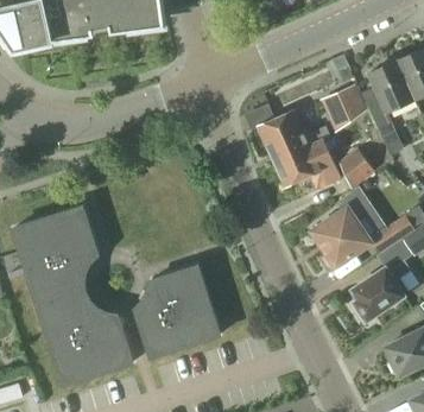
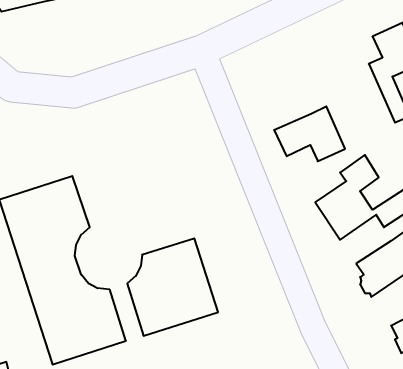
building: [321,85,367,133] -> none
building: [258,112,329,163] -> none
building: [337,148,374,190] -> none

